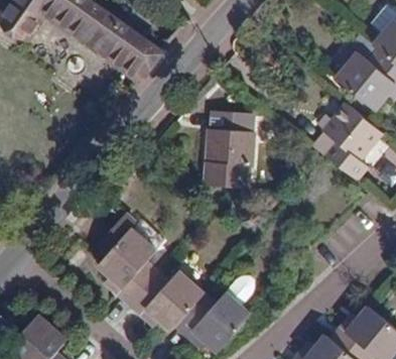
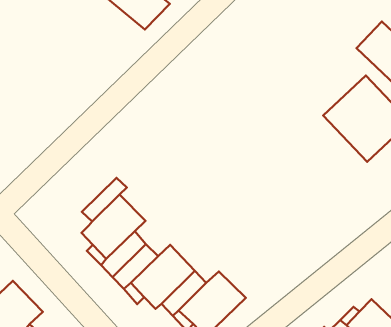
building: [204,115,252,189] -> none

